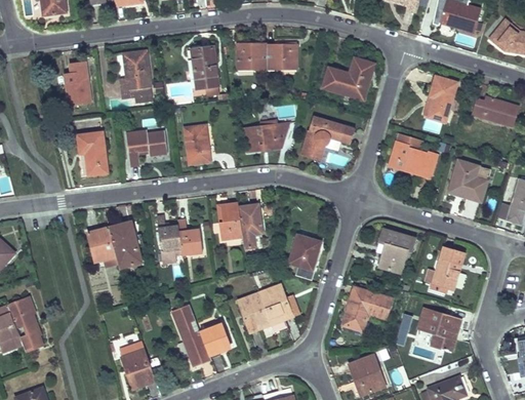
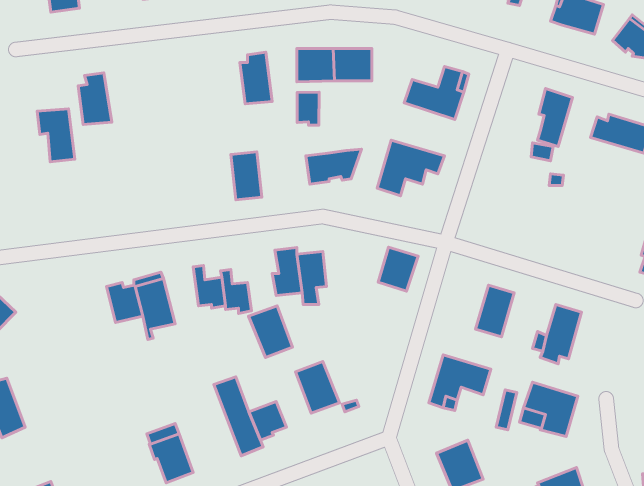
building: [121,51,152,97] -> none
building: none -> [297,92,319,125]
building: [126,130,167,167] -> none
building: [78,133,108,175] -> [37,109,75,162]
building: [389,143,438,178] -> none
building: [448,160,490,202] -> none
building: [289,235,321,270] -> [378,247,418,291]
building: [258,284,293,325] -> [249,306,293,358]
building: [8,297,43,352] -> none

